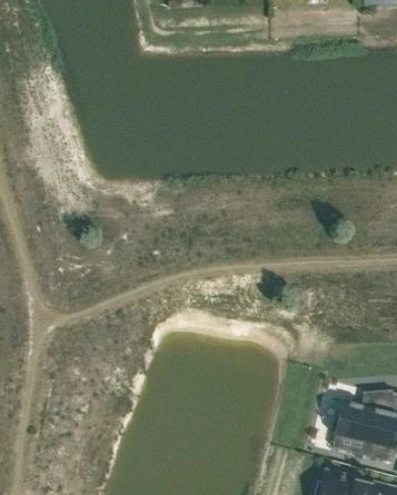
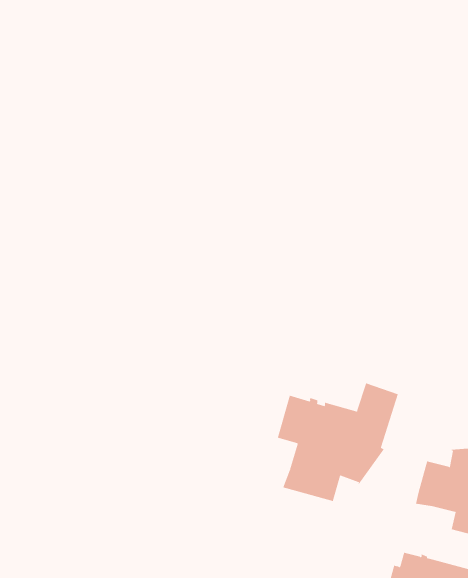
building: none -> [277,383,398,502]

